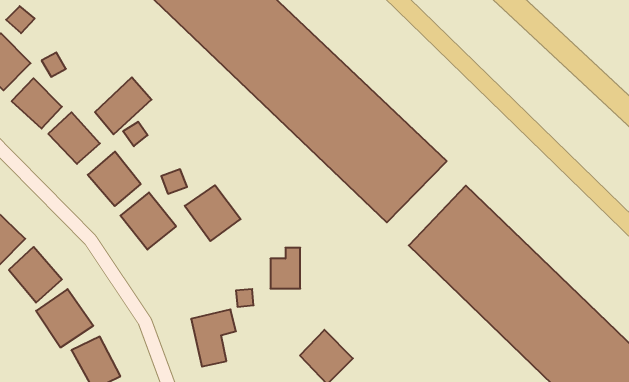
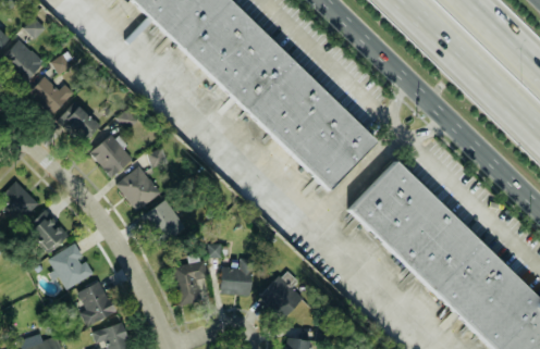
building: [95,77,152,134] -> none
building: [185,185,241,241] -> [143,199,187,244]
building: [270,248,300,289] -> [229,260,253,292]

